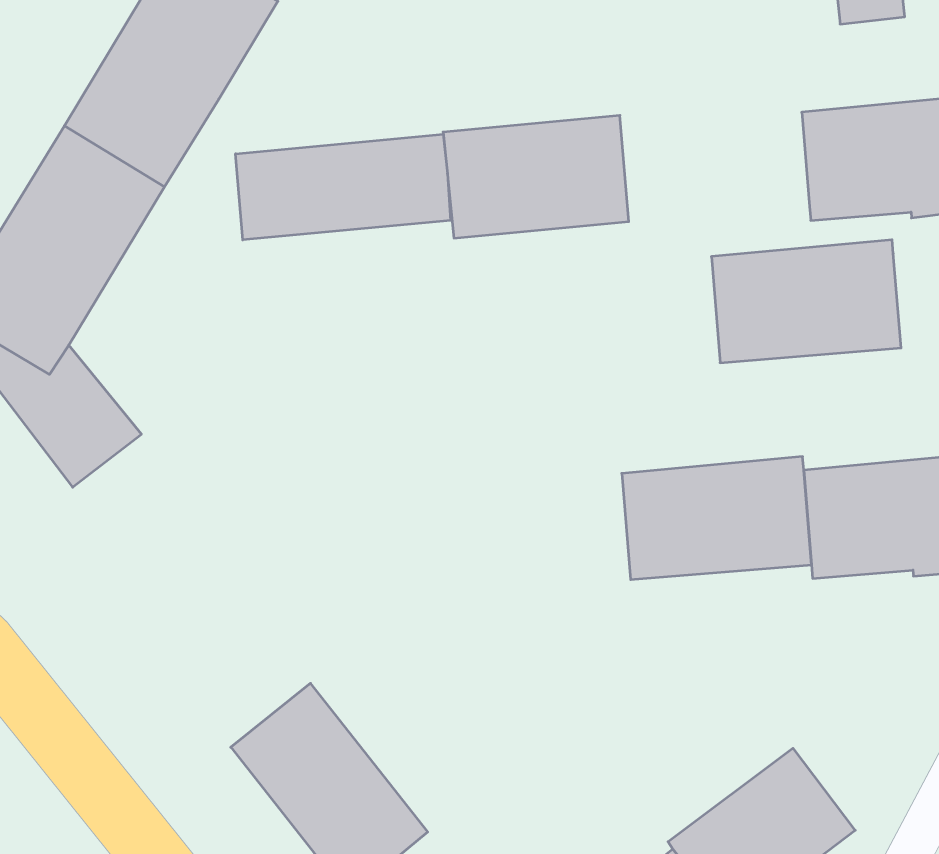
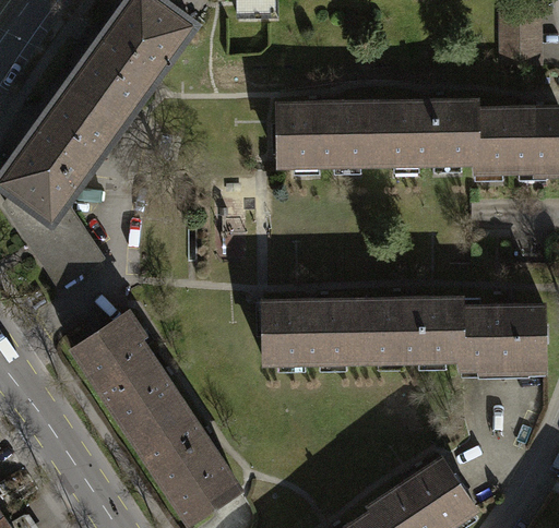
building: [236,134,450,240] -> none
building: [711,240,901,363] -> [376,103,476,163]
building: none -> [262,301,360,361]
building: none -> [74,313,179,434]

